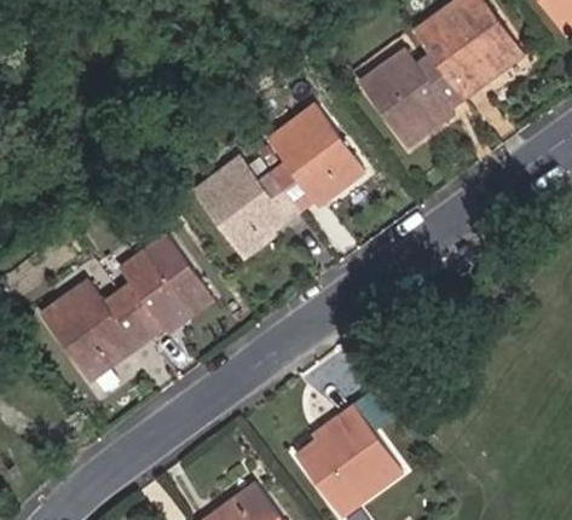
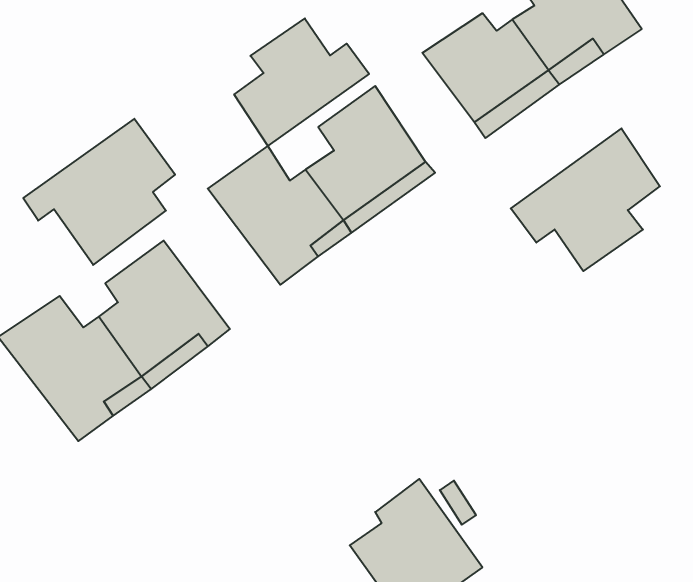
building: none -> [234,18,369,146]
building: none -> [23,119,175,265]
building: none -> [511,128,660,271]

